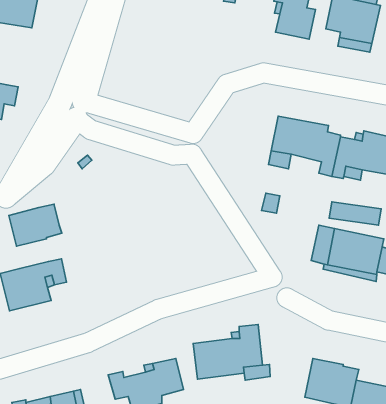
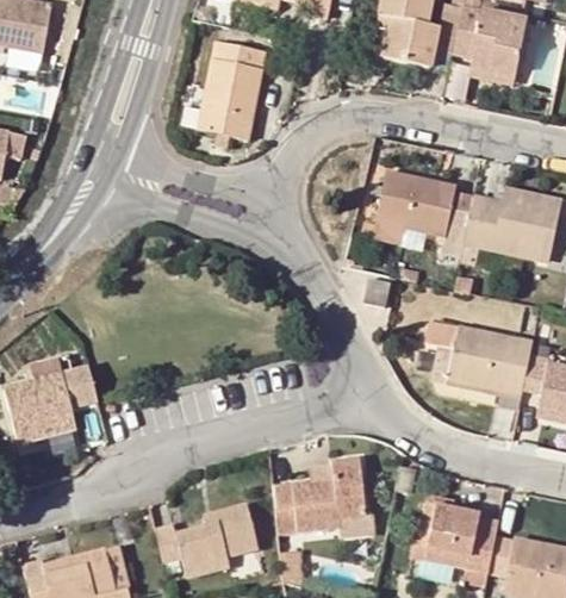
building: none -> [197,41,268,139]
building: [9,204,62,246] -> none

